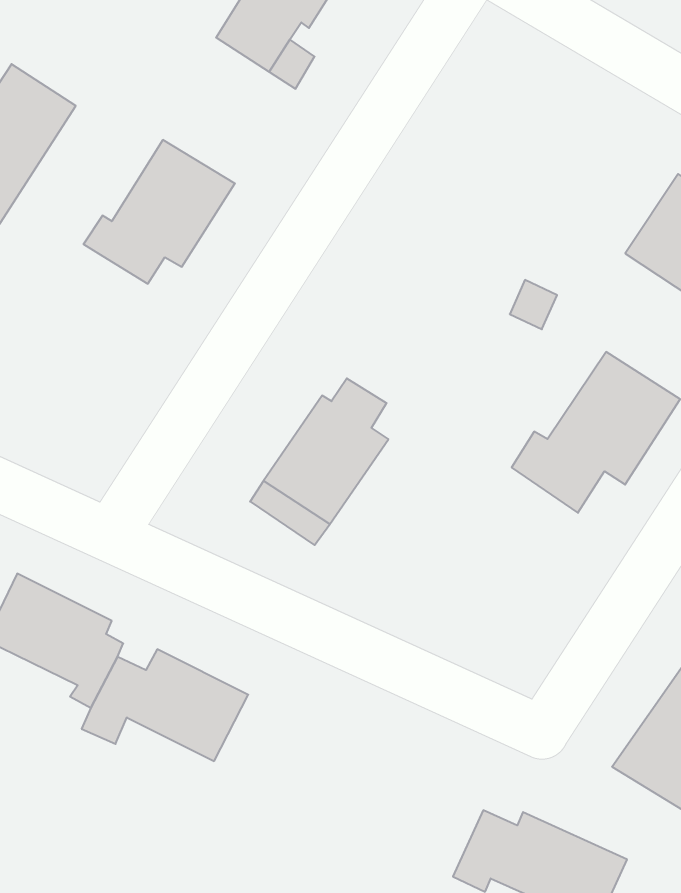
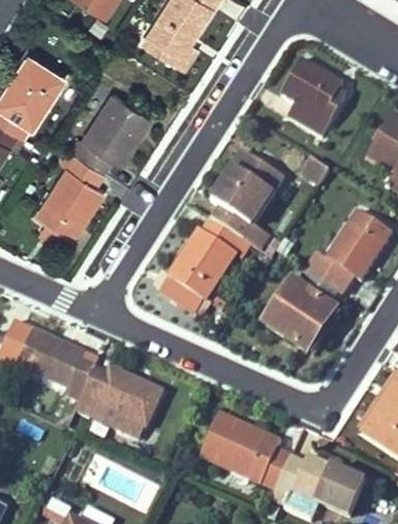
building: none -> [278,67,342,144]
building: none -> [210,150,284,239]
building: none -> [40,153,107,236]
building: none -> [264,276,344,349]
building: none -> [197,413,290,490]

